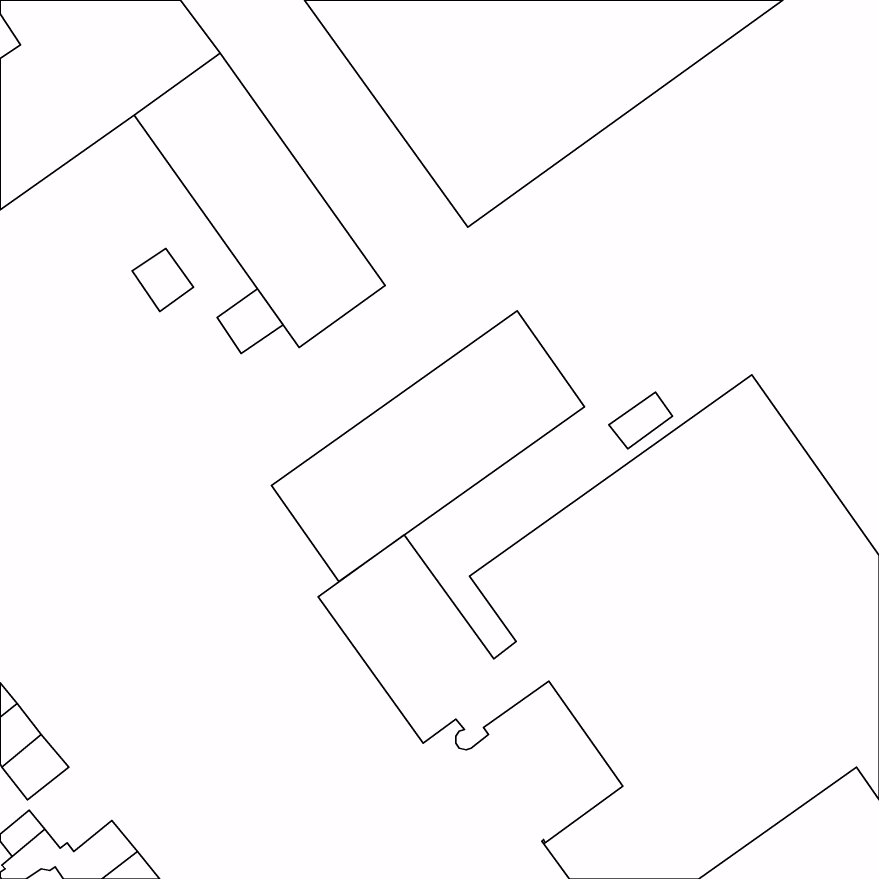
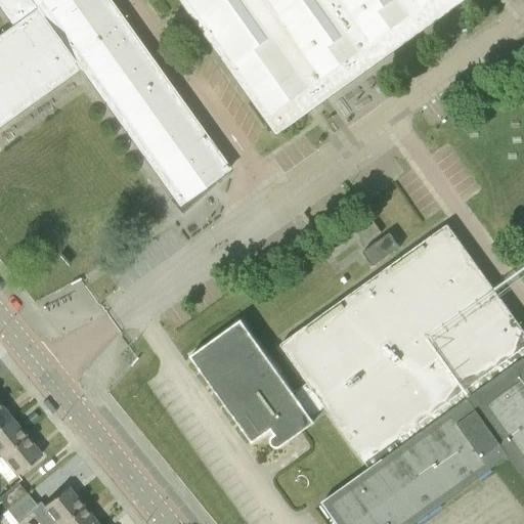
building: [132,248,194,311] -> none
building: [217,289,283,354] -> none
building: [271,311,585,582] -> none

